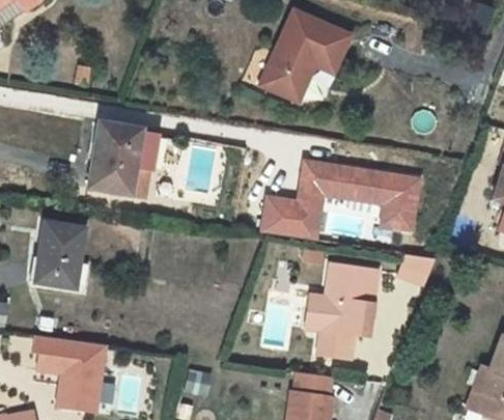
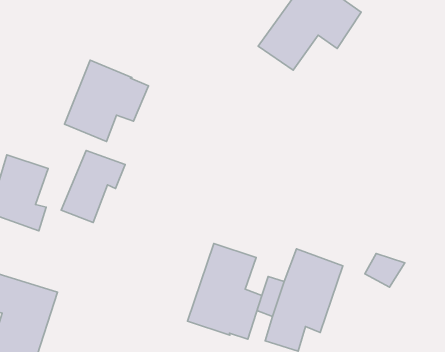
building: [261,156,428,240] -> none
building: none -> [61,151,125,222]
building: none -> [187,243,262,339]

